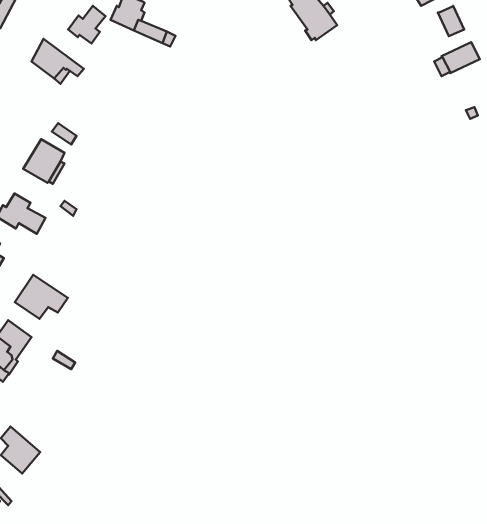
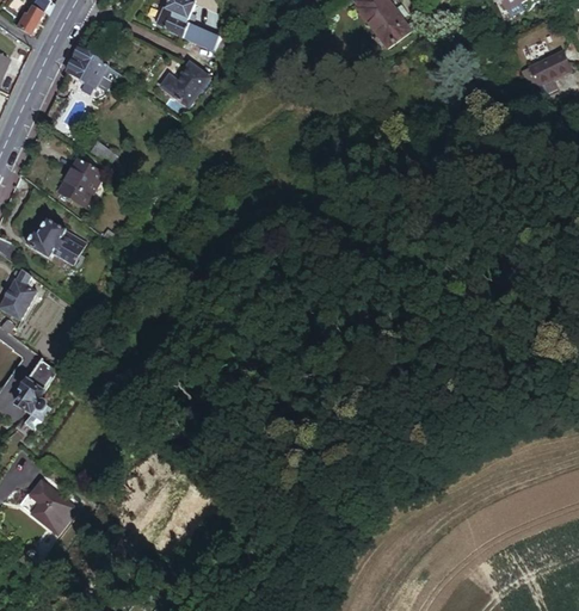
building: [438,6,464,36] -> none
building: [68,6,106,43] -> none
building: none -> [158,67,204,106]
building: [15,275,68,319] -> none

